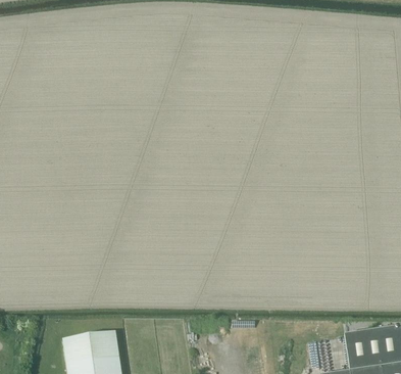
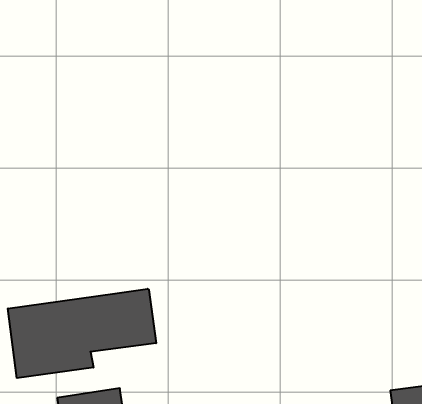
building: none -> [8,289,156,378]

